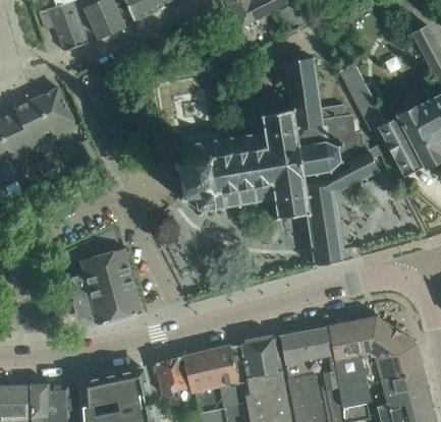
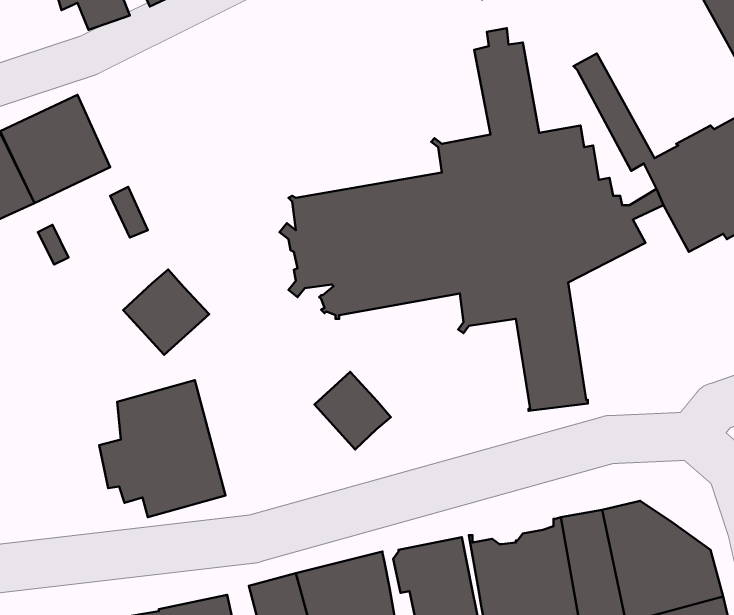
building: none -> [123,270,209,355]
building: none -> [315,372,391,450]

